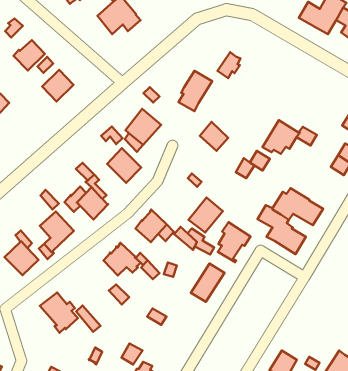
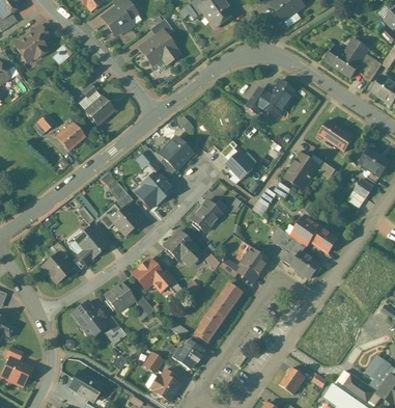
building: [14,40,45,71] -> [55,123,84,151]
building: [178,71,212,111] -> [262,80,294,117]
building: none -> [317,119,354,151]
building: [189,198,223,233] -> [189,199,221,232]
building: none -> [104,282,134,312]
building: none -> [193,308,224,344]
building: none -> [171,341,201,369]

